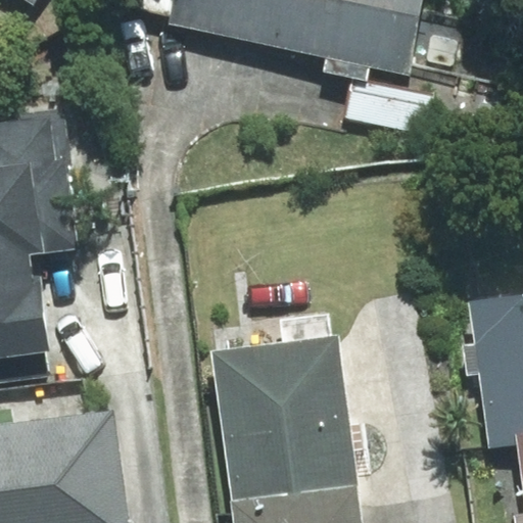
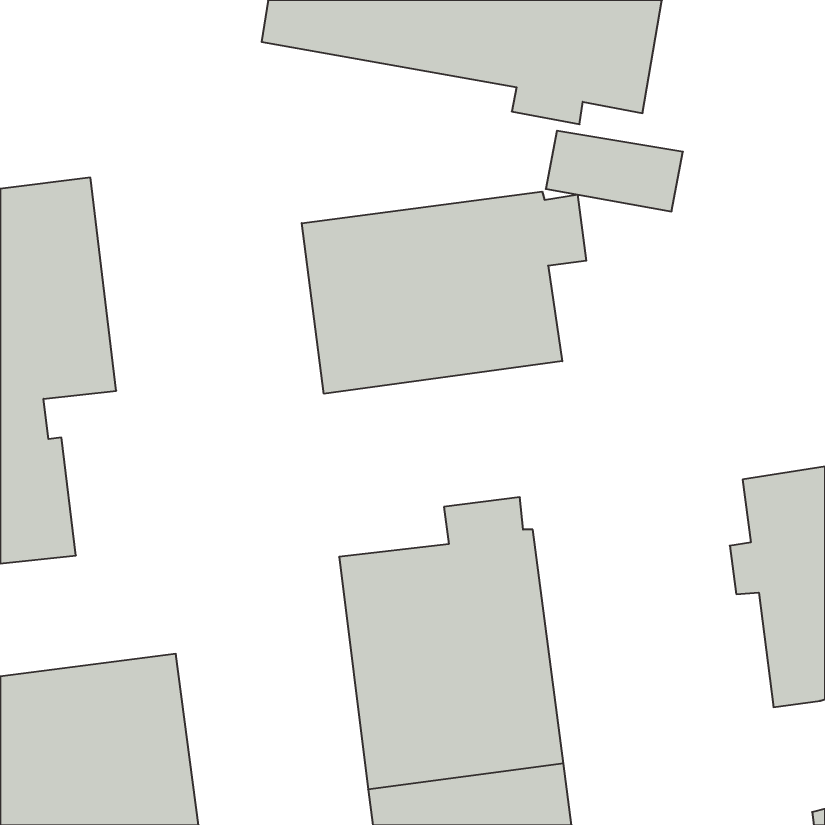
building: none -> [302,192,586,394]

